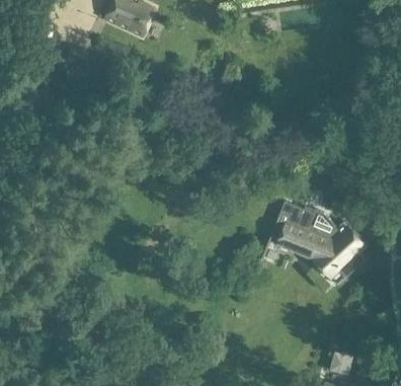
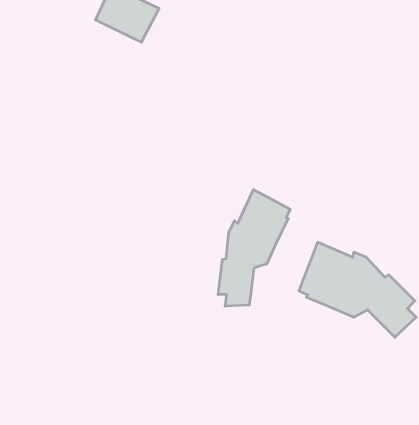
building: none -> [218,190,290,306]

